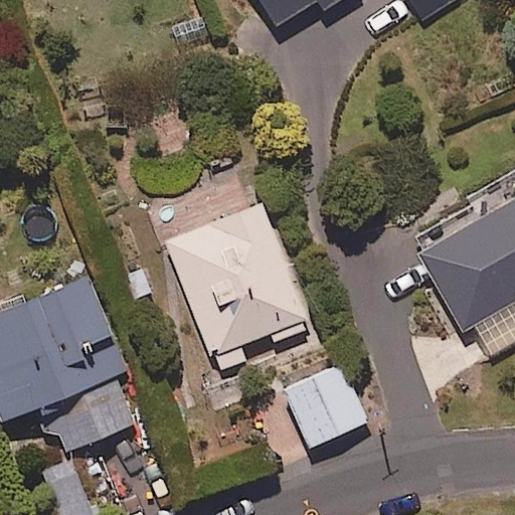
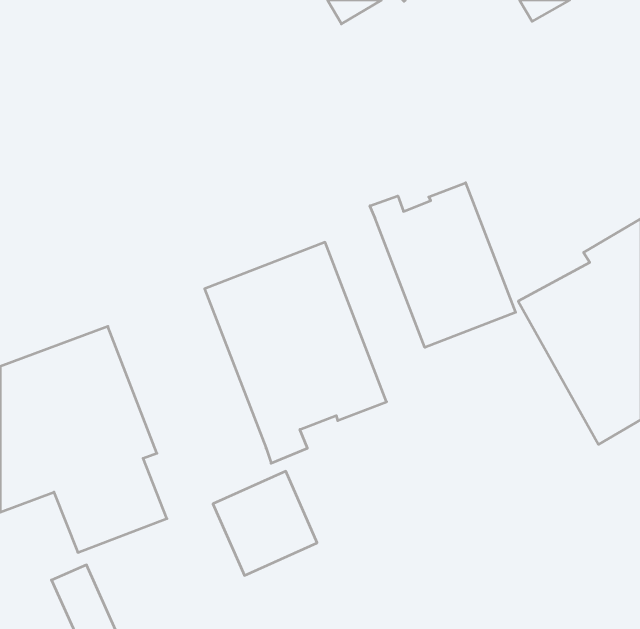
building: none -> [370,183,516,347]
building: [285,365,368,449] -> [213,471,317,575]

